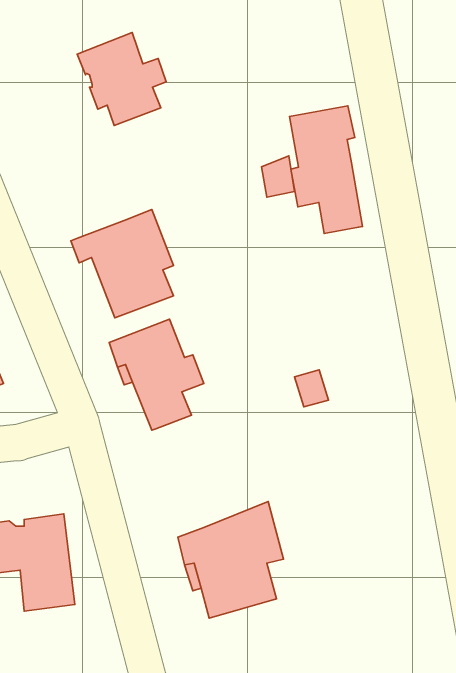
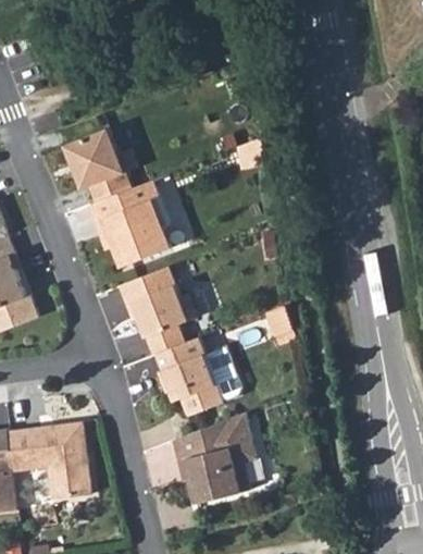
building: [77,32,166,126] -> [63,128,134,202]
building: [290,106,362,234] -> none
building: none -> [154,337,226,415]

